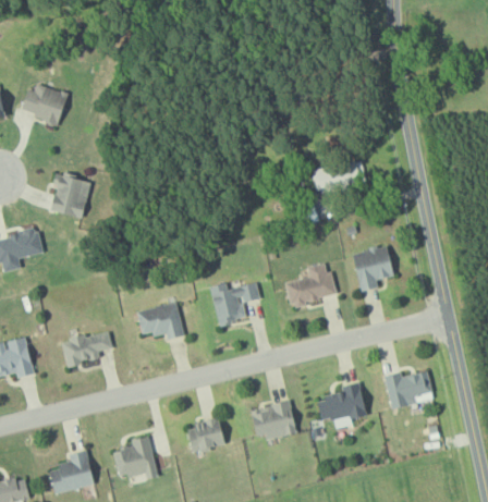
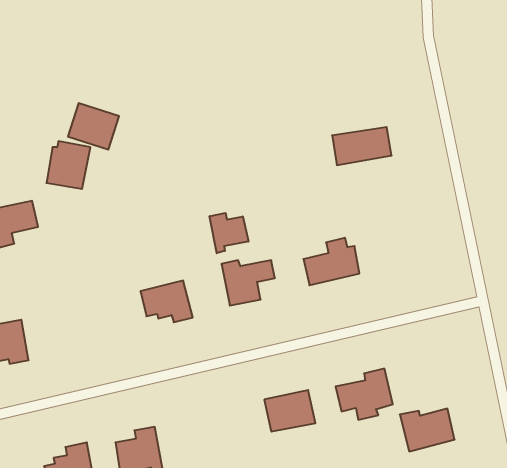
building: [21,82,68,124] -> [68,103,119,150]
building: none -> [210,213,248,253]
building: [352,246,393,291] -> none
building: [61,330,112,367] -> none
building: [383,370,434,409] -> [400,409,455,451]
building: [186,420,224,451] -> none

